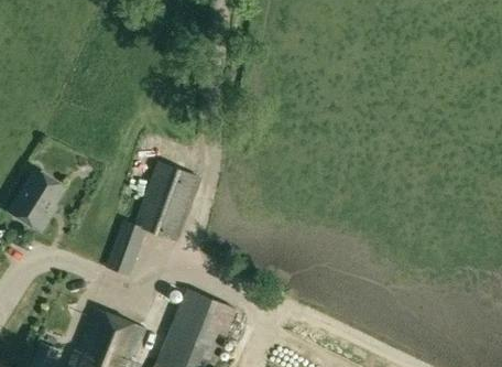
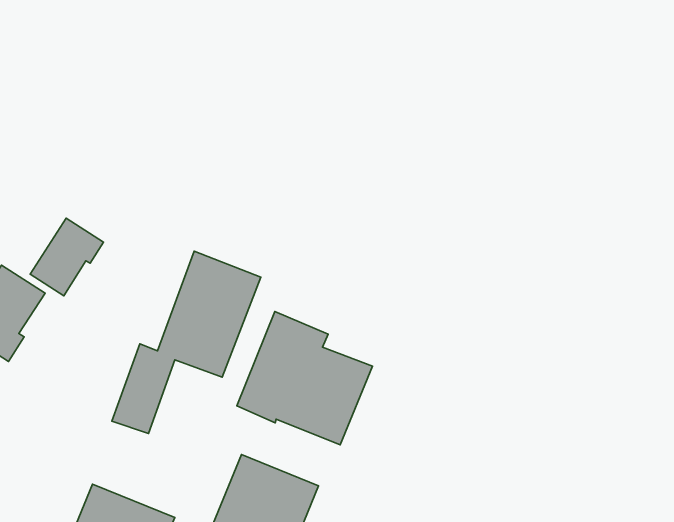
building: none -> [30,218,104,296]
building: none -> [237,312,372,445]

